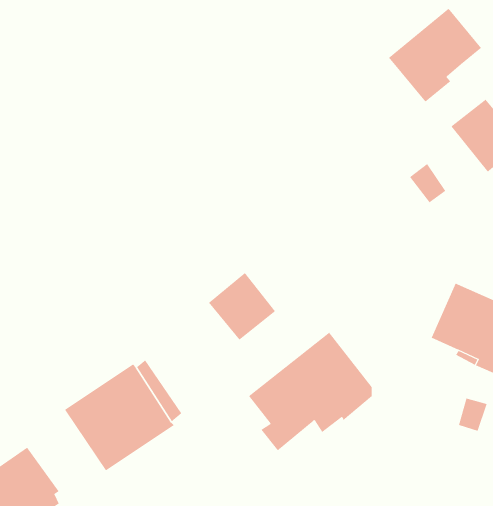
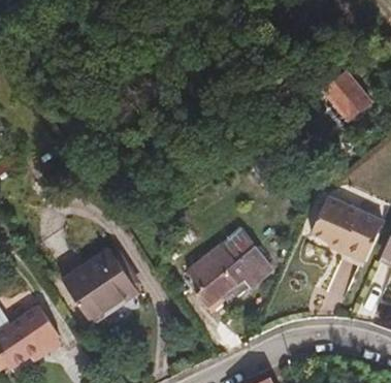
building: [388,8,482,102] -> none
building: [208,272,276,340] -> none

